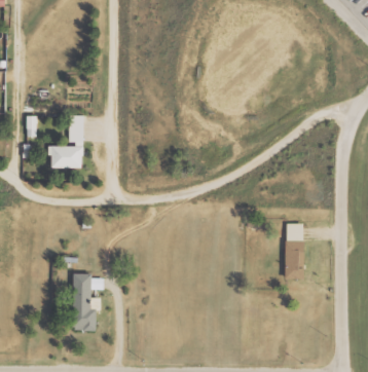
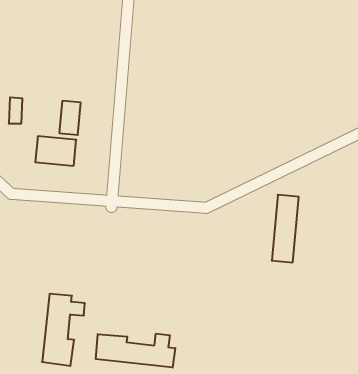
building: [286,223,303,277] -> [272,195,299,262]
building: none -> [96,334,175,368]

